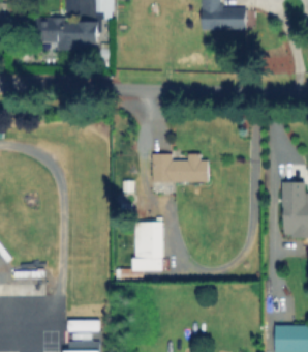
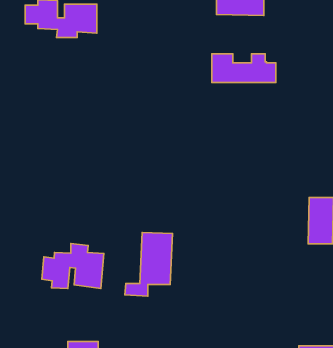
building: [153,154,210,180] -> [212,54,276,83]
building: none -> [42,243,104,289]

